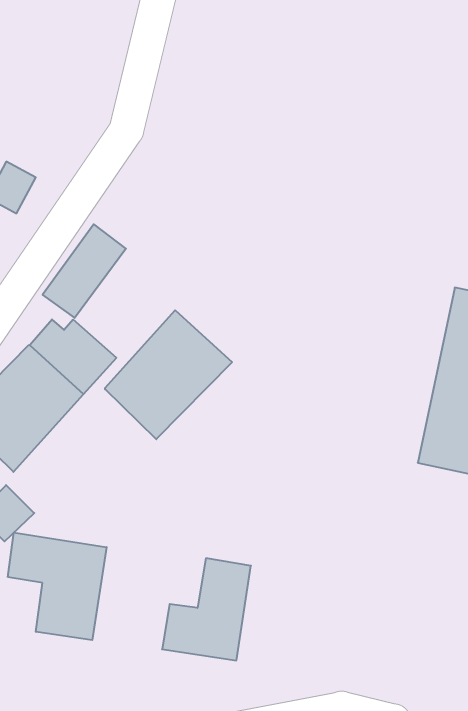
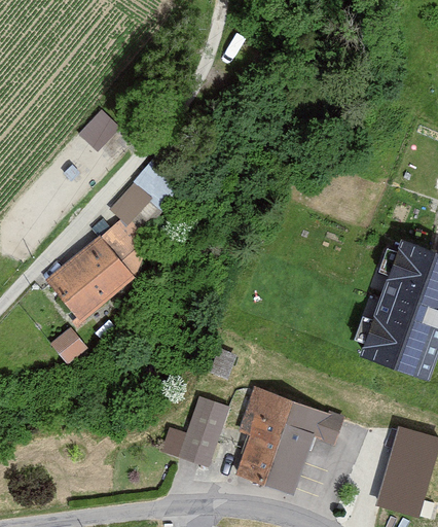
building: [105,310,232,439] -> none
building: none -> [233,387,344,498]
building: [8,533,107,640] -> none

